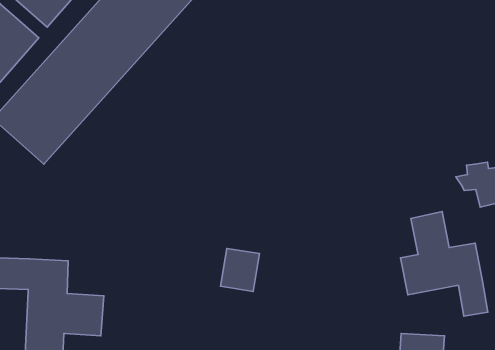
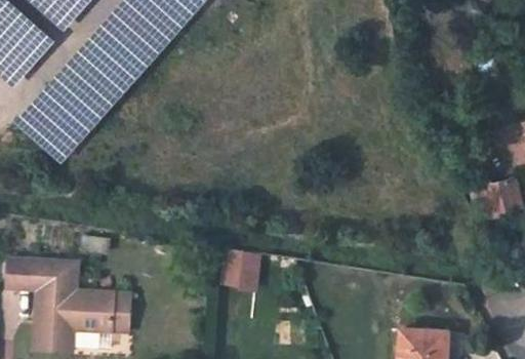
building: [401,211,488,316] -> none

